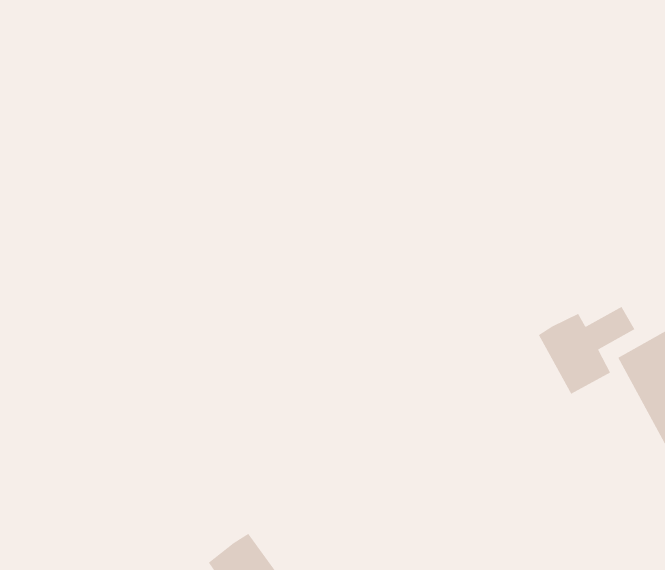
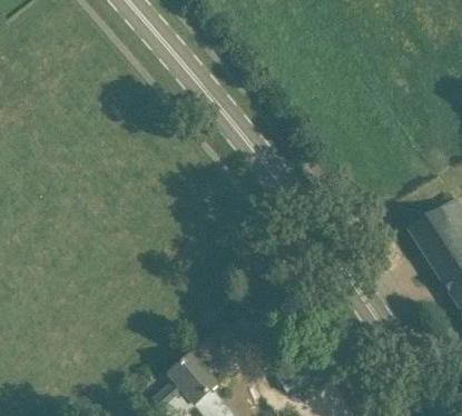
building: [538,306,636,395] -> none

